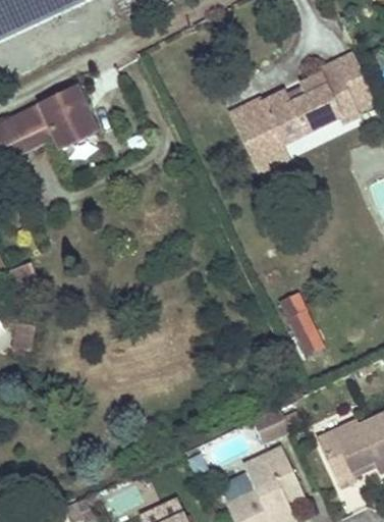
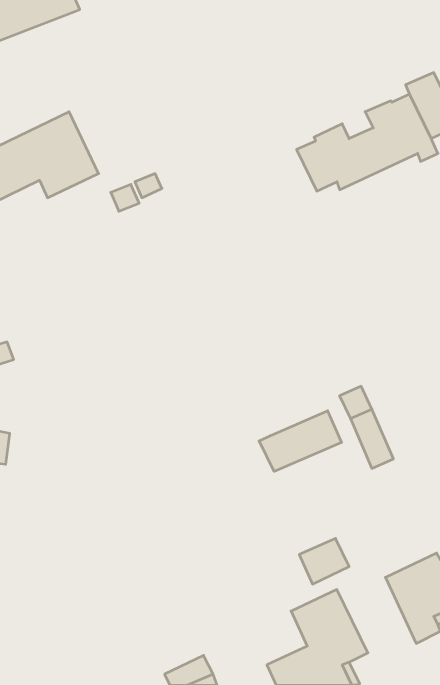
building: [232,100,288,171] -> none
building: none -> [259,411,342,471]

